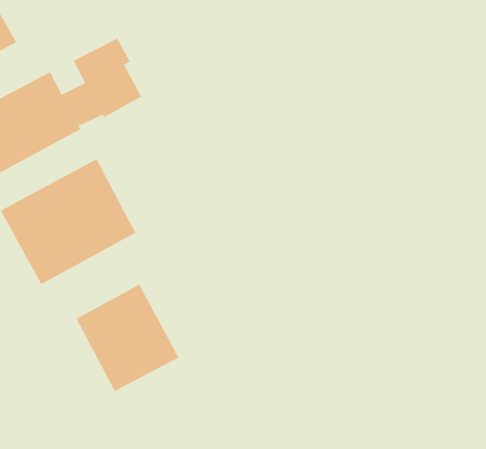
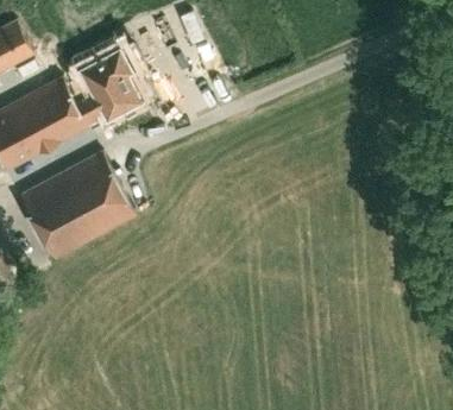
building: [76,284,179,392] -> none

